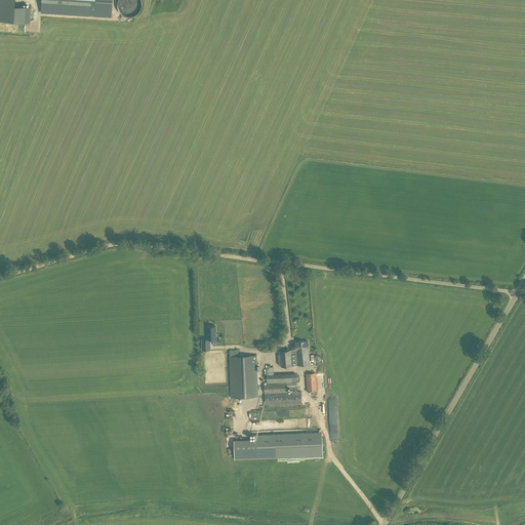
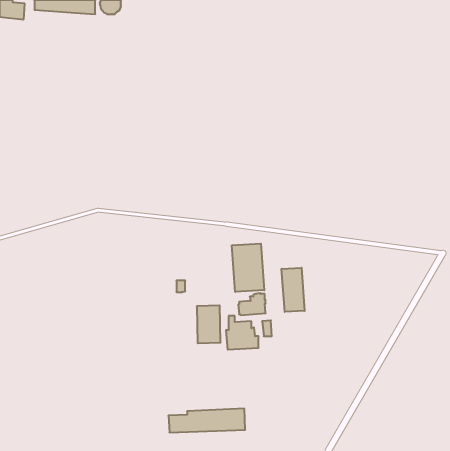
building: none -> [232,244,264,292]
building: none -> [282,268,305,312]
building: [233,432,322,459] -> [168,409,245,432]

